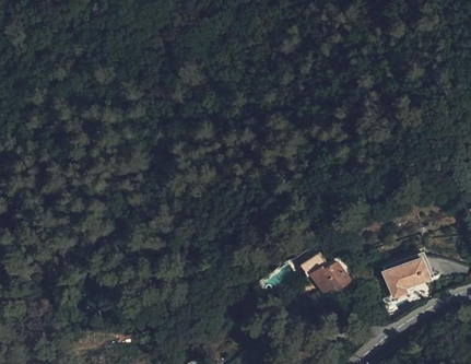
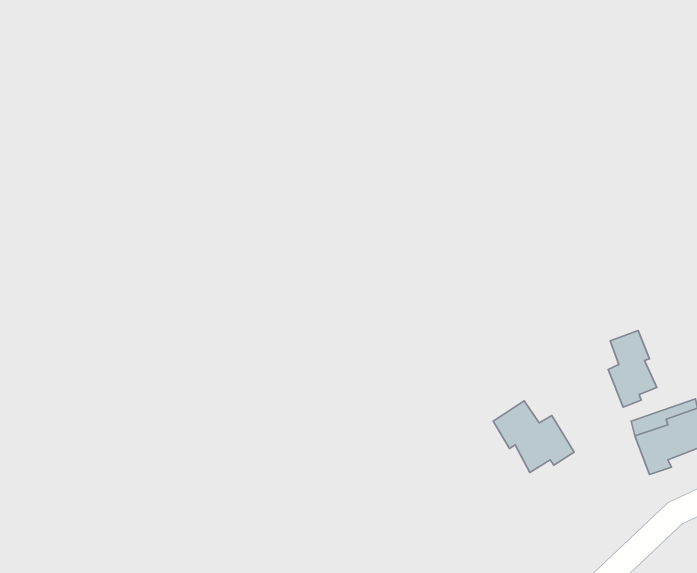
building: none -> [608,331,657,407]

